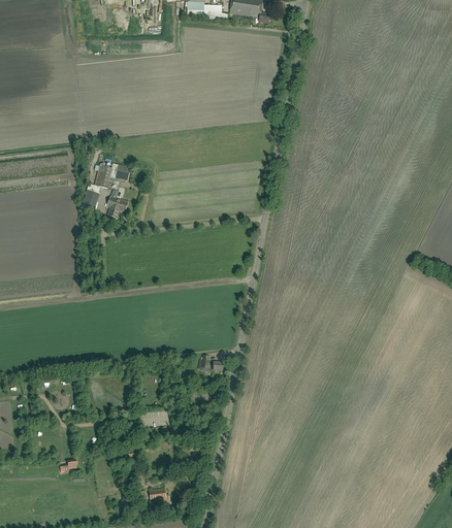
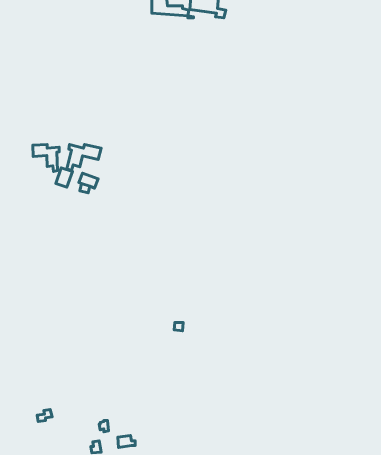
building: none -> [33,145,59,172]

